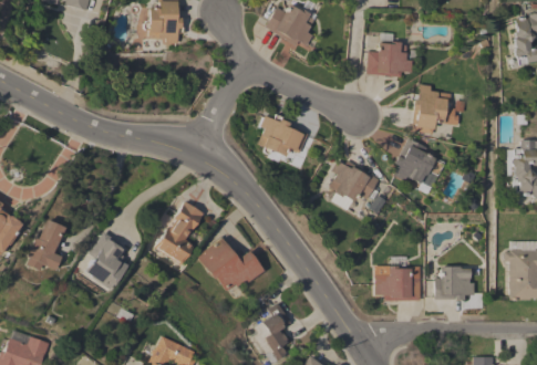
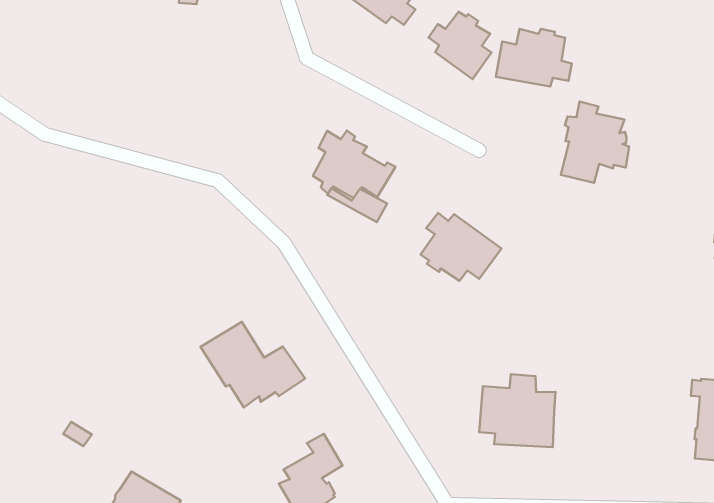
building: none -> [428,12,492,79]
building: [394,138,444,182] -> none
building: [155,201,203,264] -> none
building: [85,232,127,289] -> none
building: [434,267,474,300] -> none

